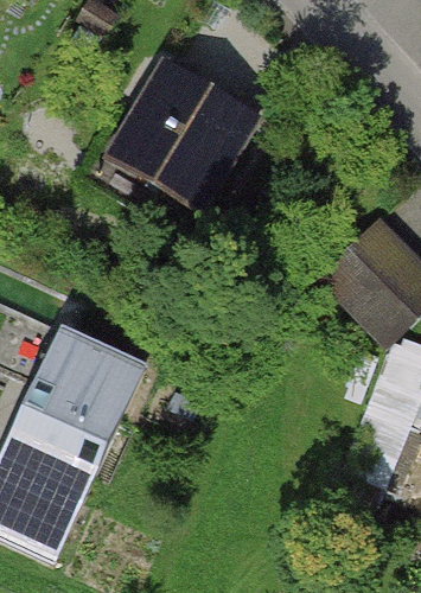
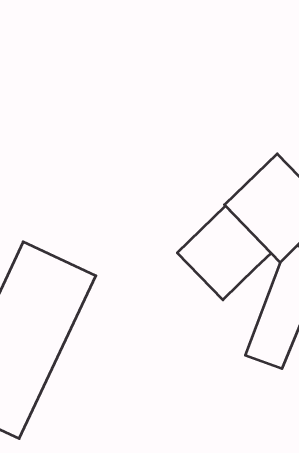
building: [100,52,263,217] -> none
building: none -> [177,206,271,300]

